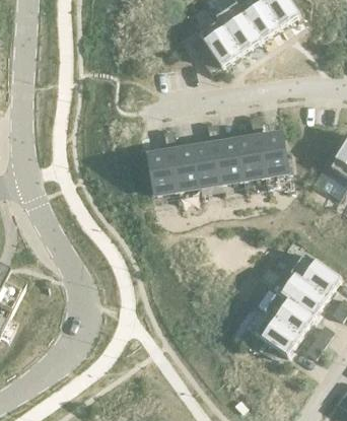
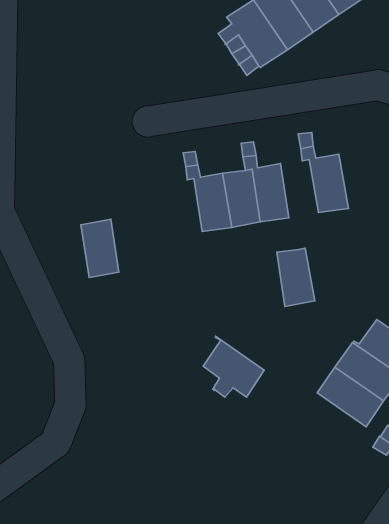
building: [234,136,263,180] -> [277,248,315,306]
building: [147,150,176,194] -> [81,219,119,278]
building: [253,310,298,356] -> [203,336,264,397]

